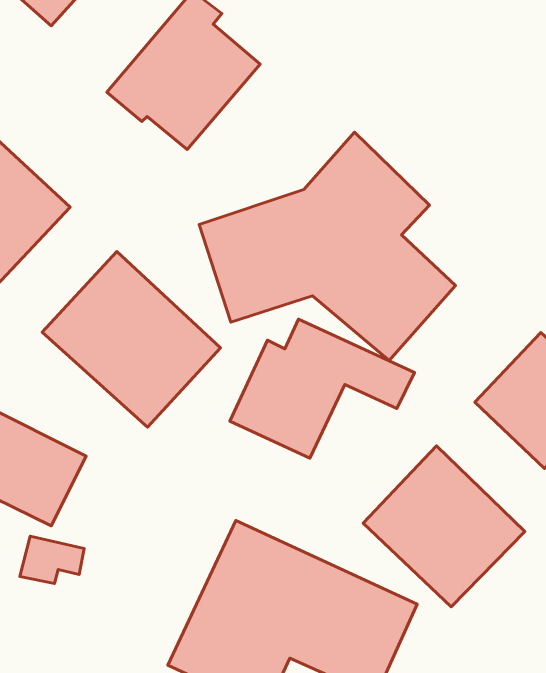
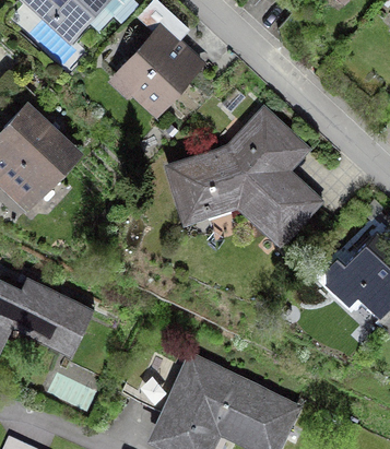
building: [42,251,221,427] -> none
building: [230,319,414,458] -> none
building: [363,446,525,607] -> none

